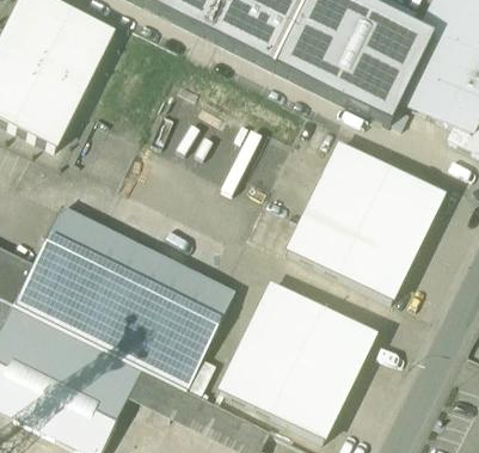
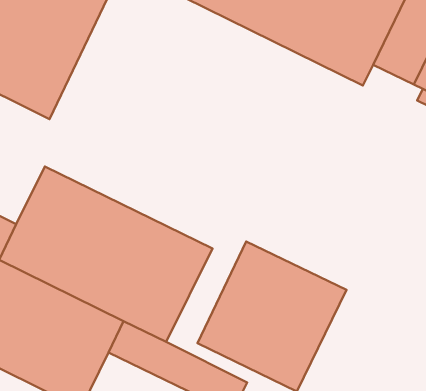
building: [287,141,442,298] -> none

